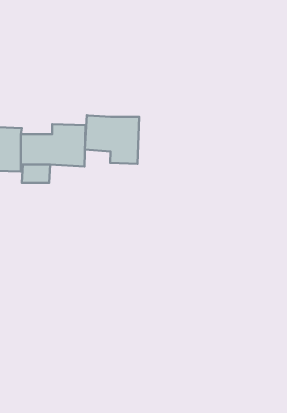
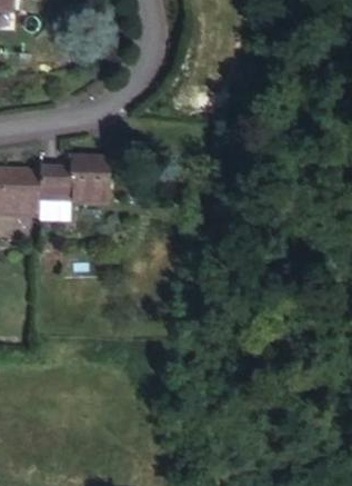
building: [85,115,139,164] -> none

